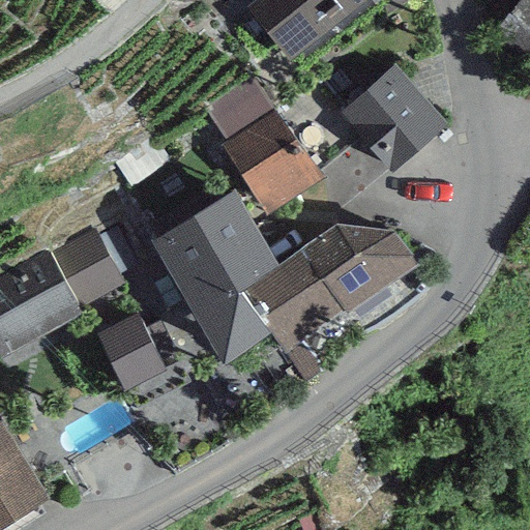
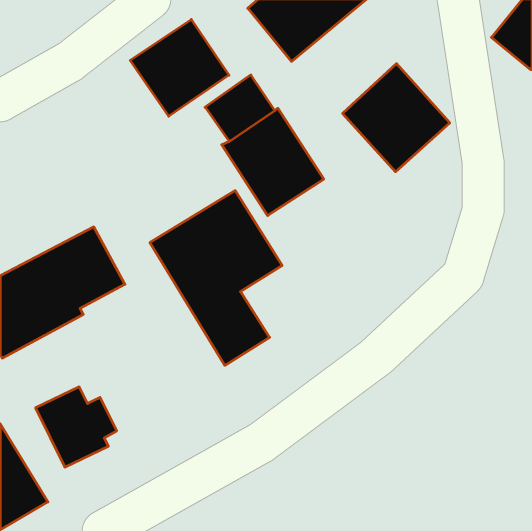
building: none -> [130,19,229,116]
building: [239,224,415,355] -> none
building: [93,312,174,391] -> [36,387,117,467]

